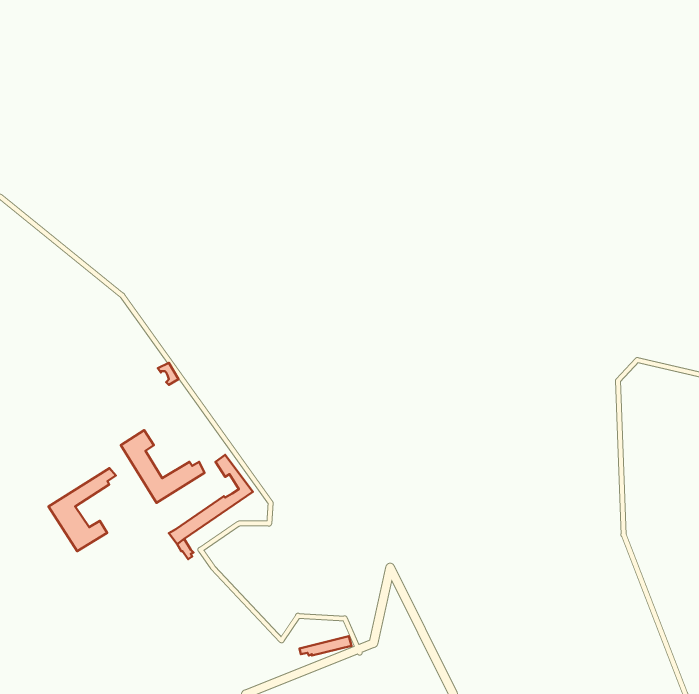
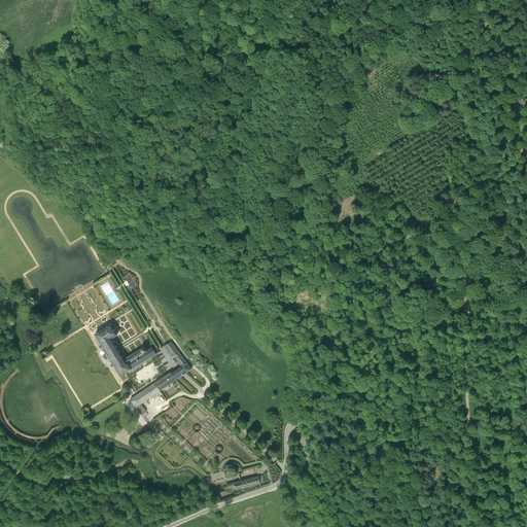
building: [48,468,116,551] -> none

